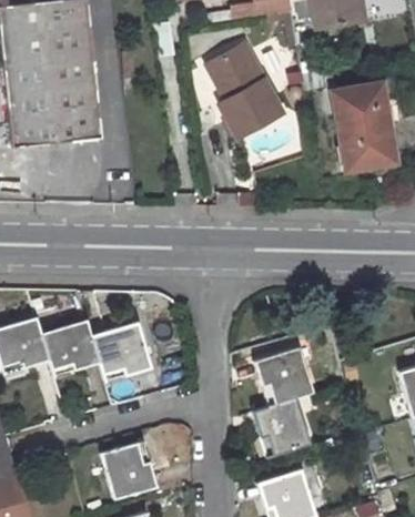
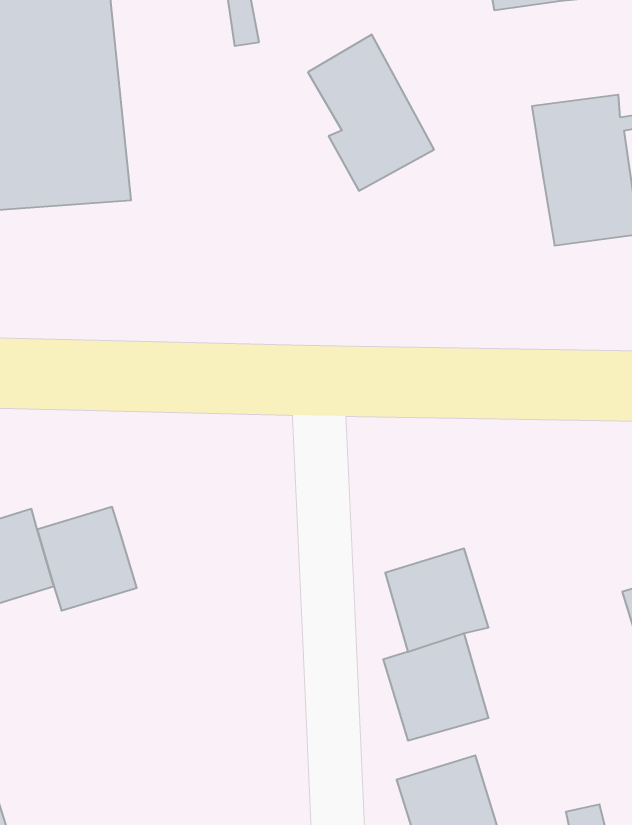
building: [95,322,156,382] -> none
building: [105,438,168,496] -> none

